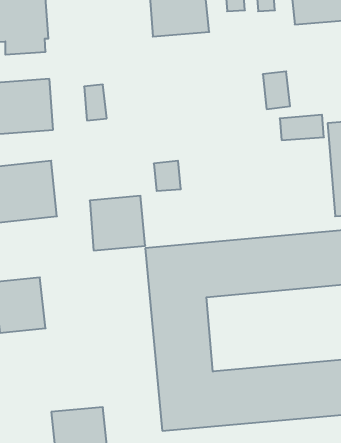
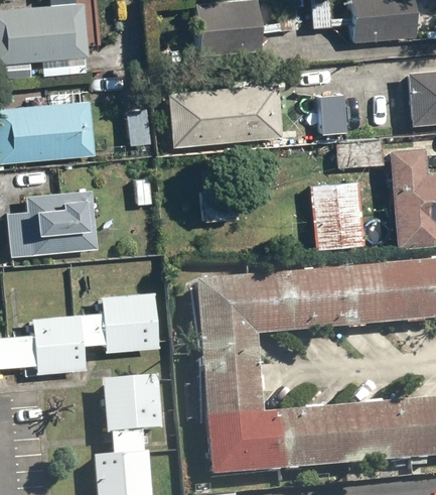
building: none -> [168,85,284,146]
building: none -> [313,180,365,249]
building: [90,196,145,250] -> [101,292,160,351]
building: none -> [103,376,163,435]

